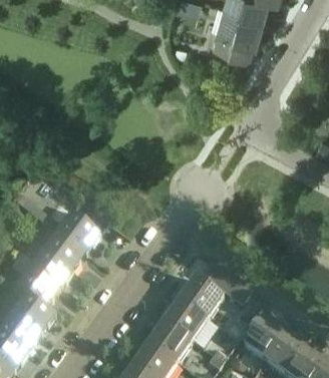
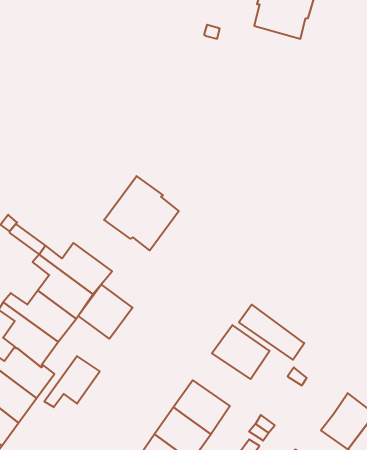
building: none -> [104,176,179,250]
building: none -> [78,285,133,339]
building: [162,300,208,341] -> none
building: none -> [44,356,100,407]
building: [241,316,284,360] -> none

